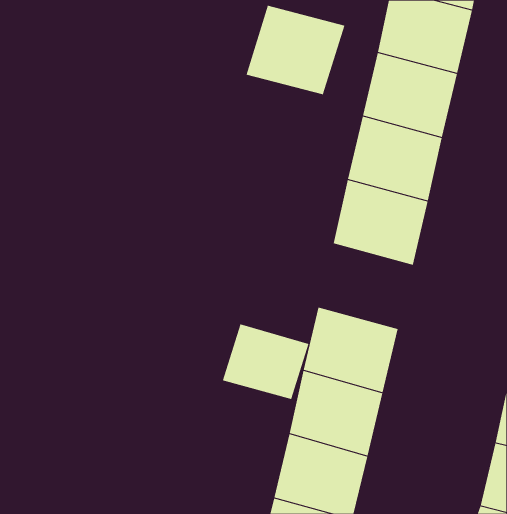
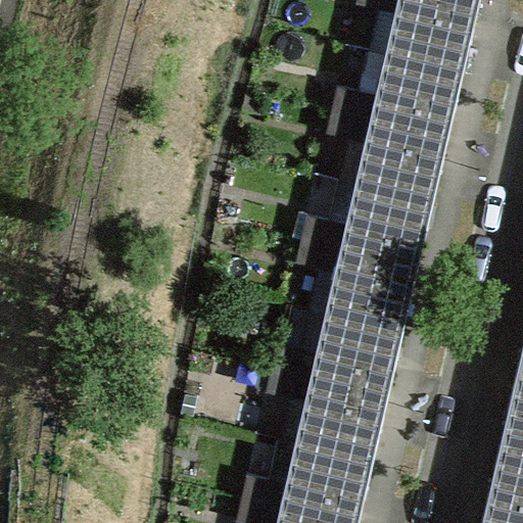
building: [246,5,345,95] -> none
building: none -> [323,247,420,334]
building: [222,324,309,400] -> none

